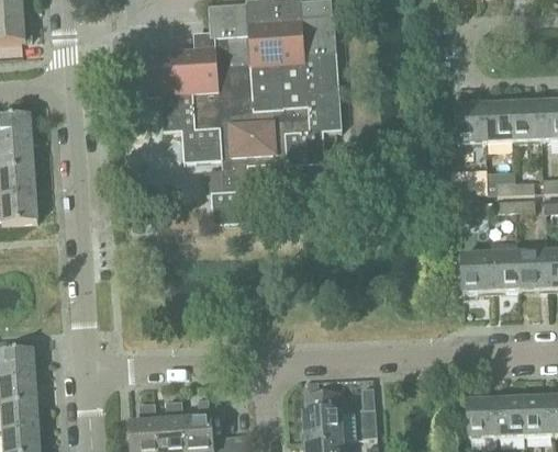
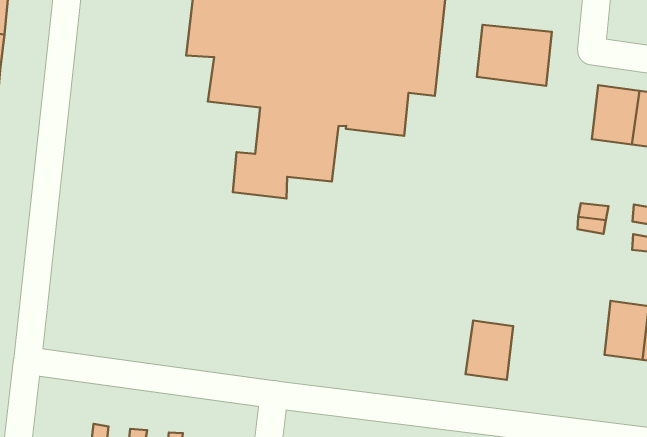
building: none -> [477,25,552,86]
building: [461,251,492,291] -> [465,321,513,380]

